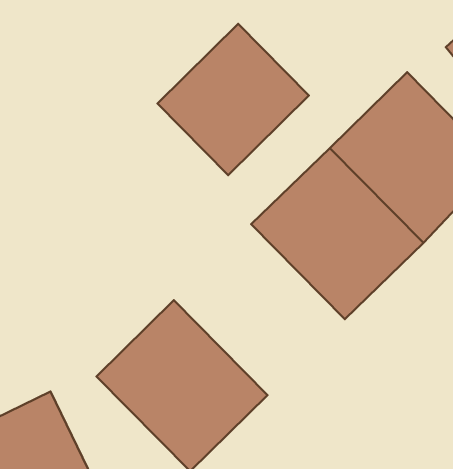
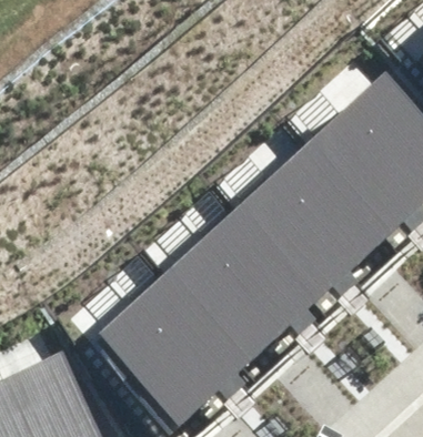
building: [158,24,309,175] -> none
building: none -> [169,207,321,359]

